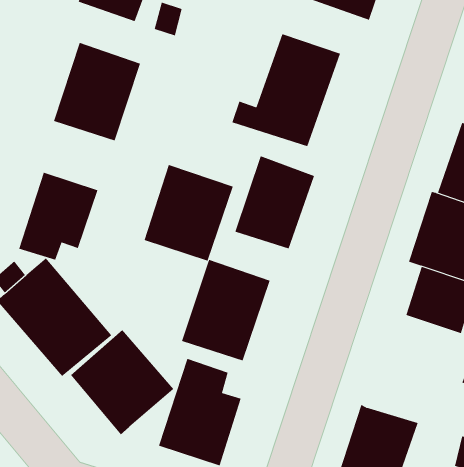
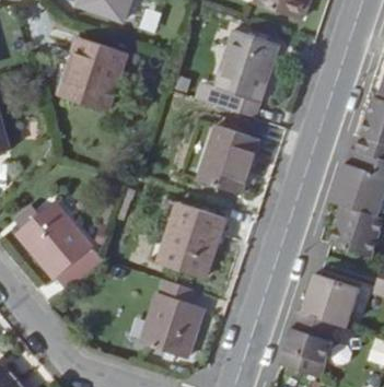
building: [144,164,233,262] -> none
building: [18,172,98,261] -> none
building: [70,329,174,435] -> none
building: none -> [299,274,360,329]

